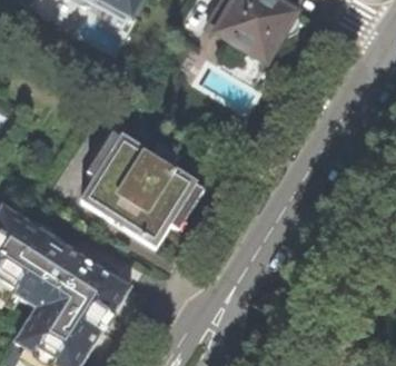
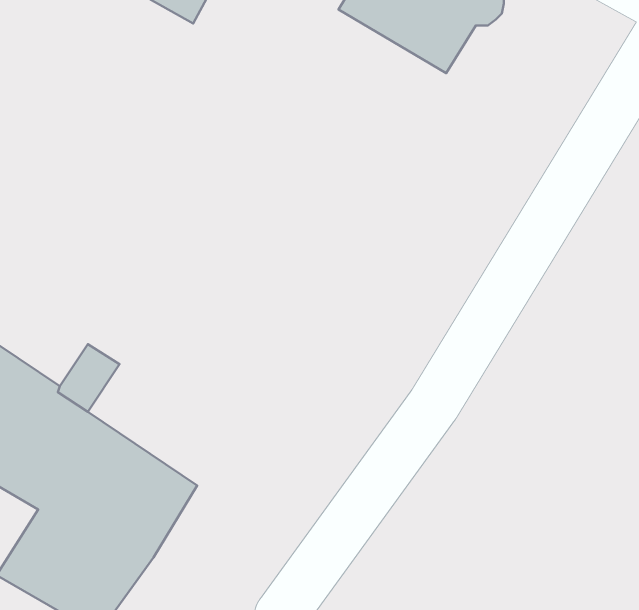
building: [80,128,196,247] -> none

